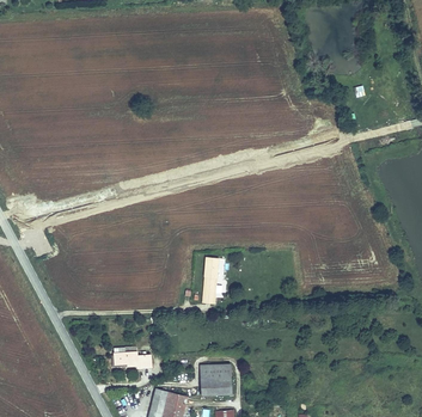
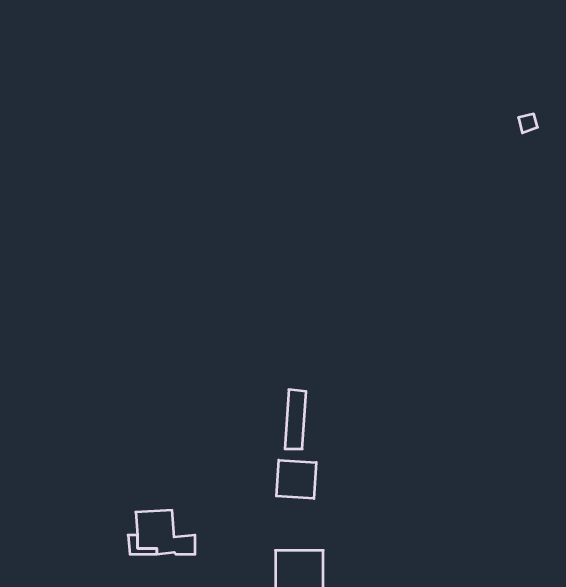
building: none -> [276,460,316,499]

